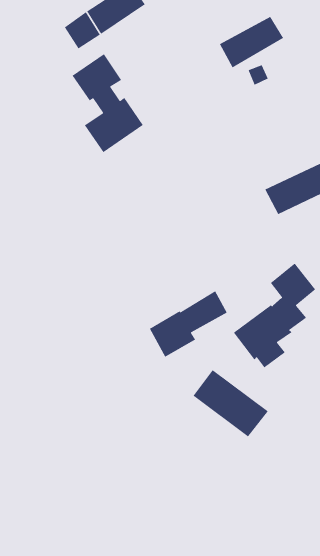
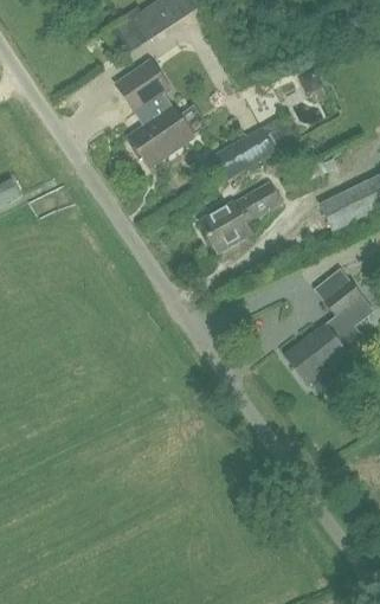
building: [219,16,284,69] -> [208,127,277,182]
building: [149,290,228,358] -> [200,179,283,250]
building: [193,369,269,438] -> none

